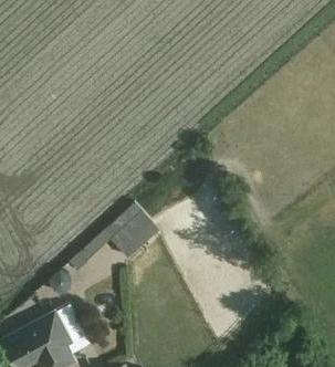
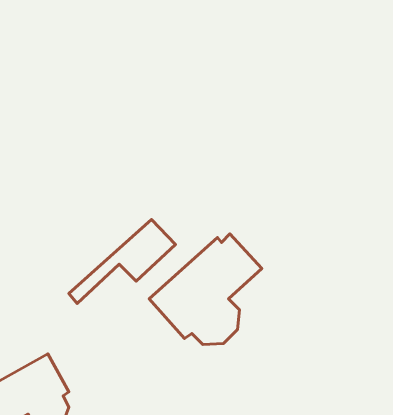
building: none -> [149,234,262,344]

